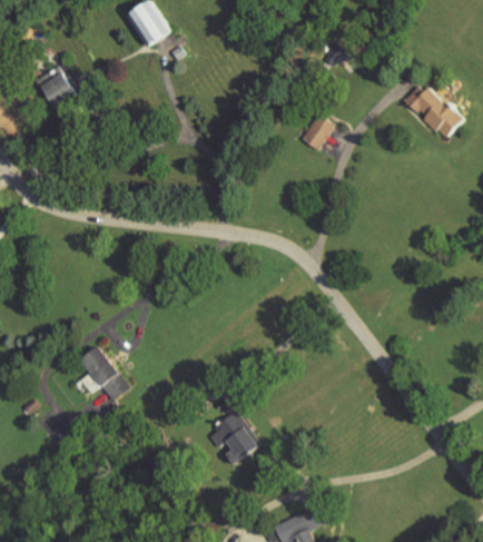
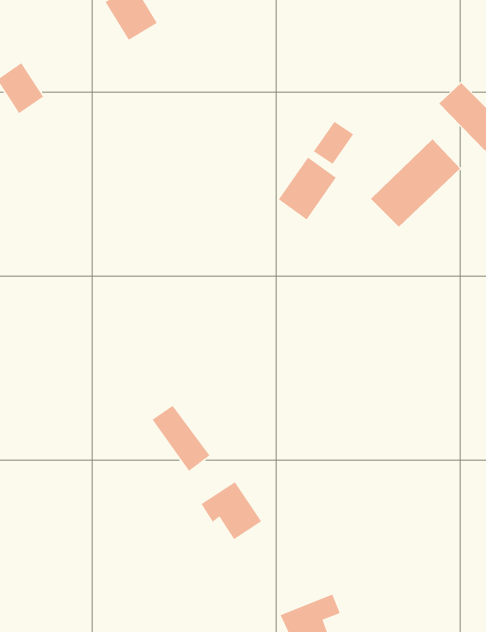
building: none -> [370,138,461,227]
building: none -> [278,156,337,221]
building: [79,346,128,402] -> [152,405,210,472]

